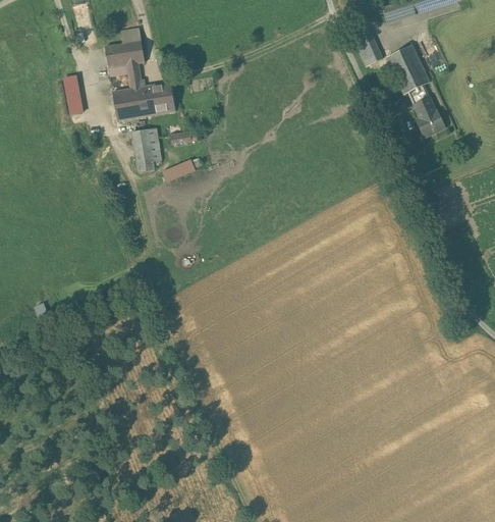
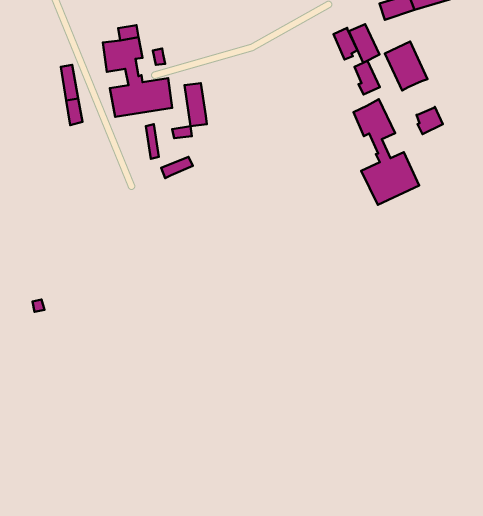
building: none -> [333,28,357,59]
building: [409,84,435,117] -> [354,61,380,94]
building: none -> [353,99,419,205]
building: [131,128,154,171] -> [185,83,207,126]

